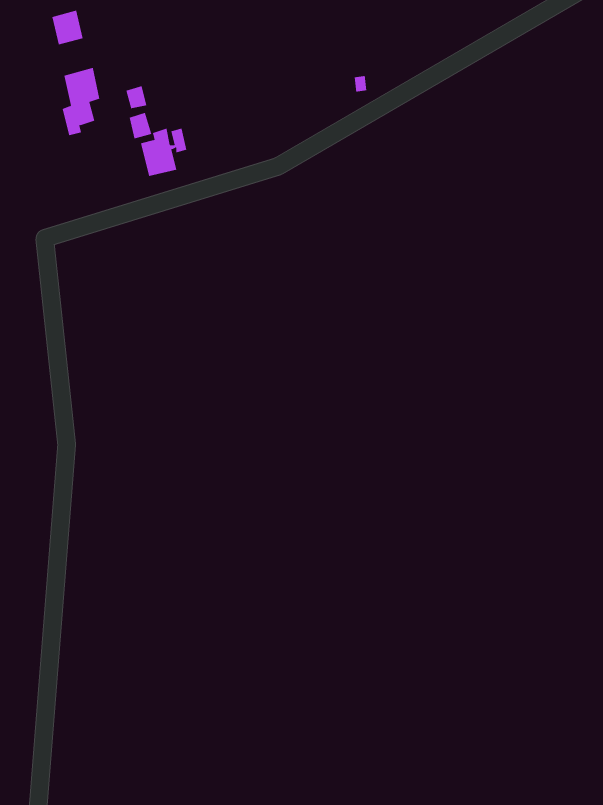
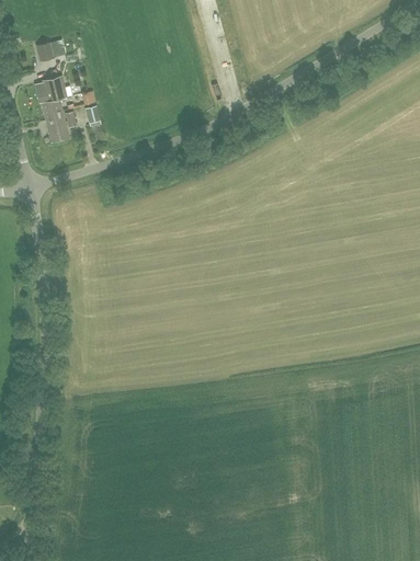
building: [140,128,187,177] -> [45,111,76,142]

